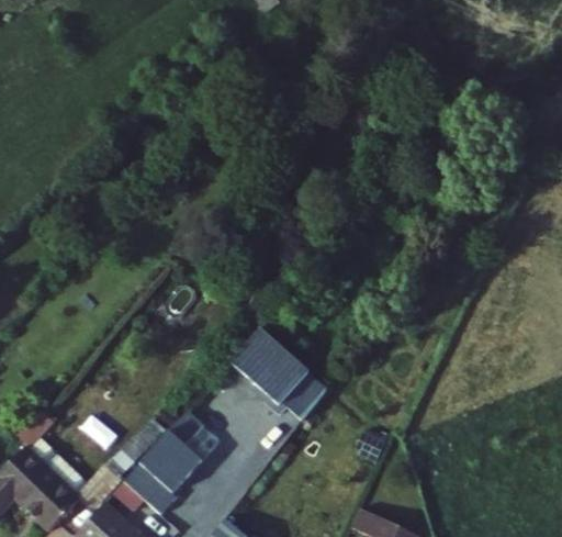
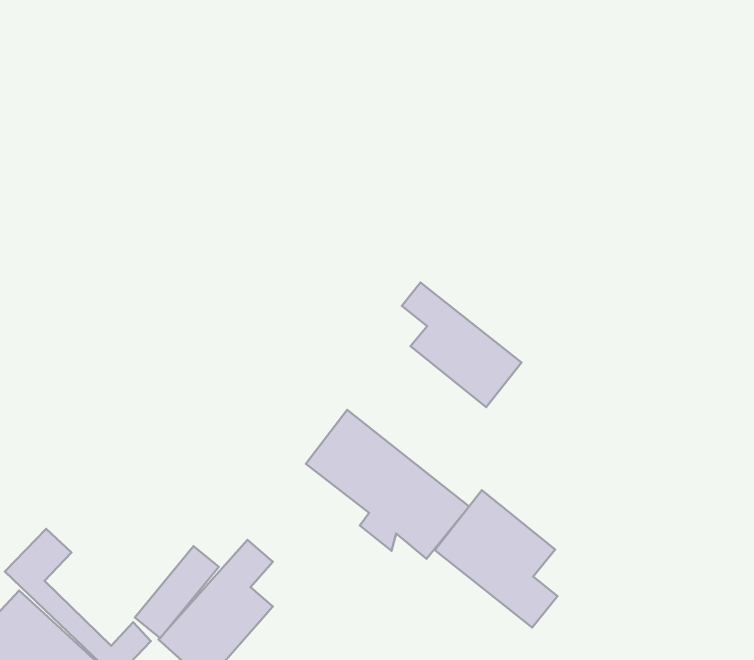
building: none -> [402,282,521,407]
building: none -> [435,490,558,628]

